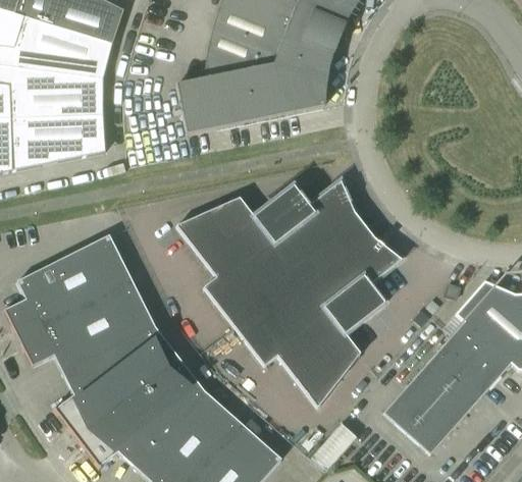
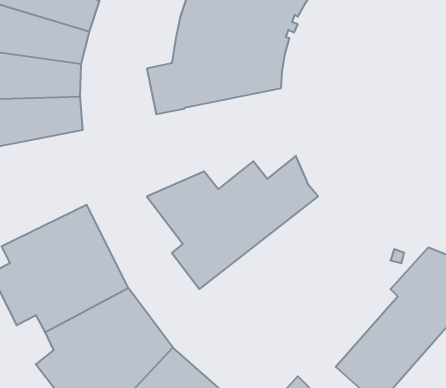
building: [234,224,403,407] -> none

